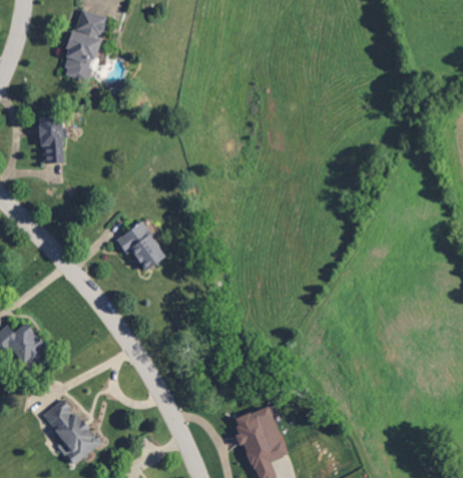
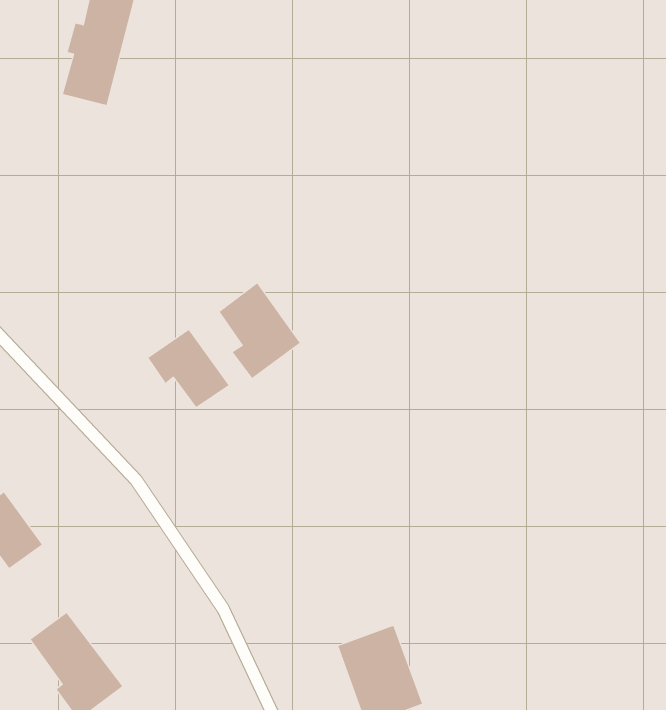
building: [39,115,63,162] -> none
building: none -> [219,282,301,379]

